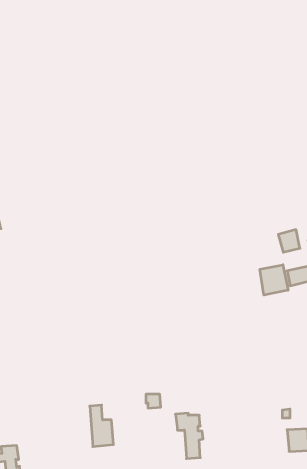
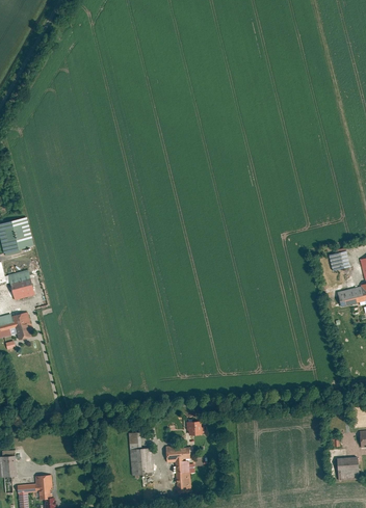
building: [260,265,288,295] -> none
building: [175,413,203,459] -> [166,445,195,492]

